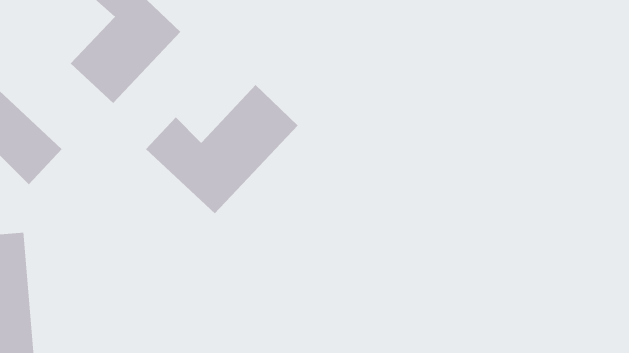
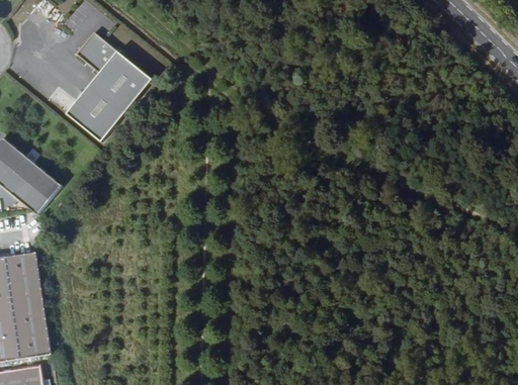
building: [145,84,299,214] -> none

